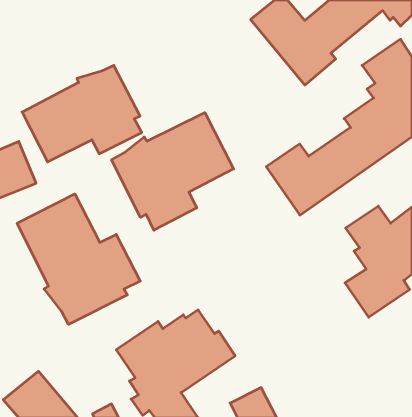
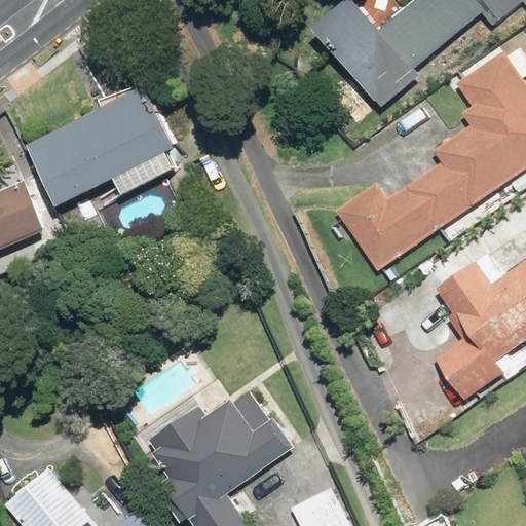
building: [112,113,234,230] -> none
building: [17,194,140,324] -> none

